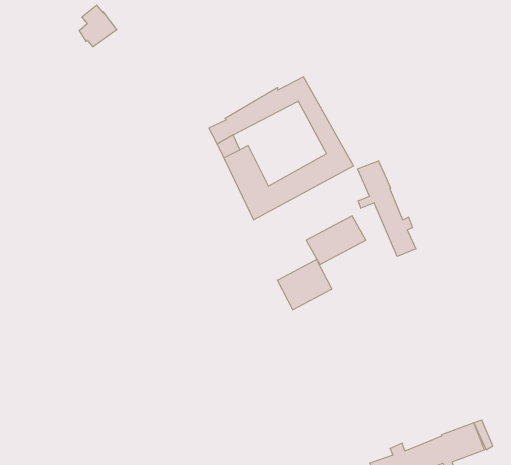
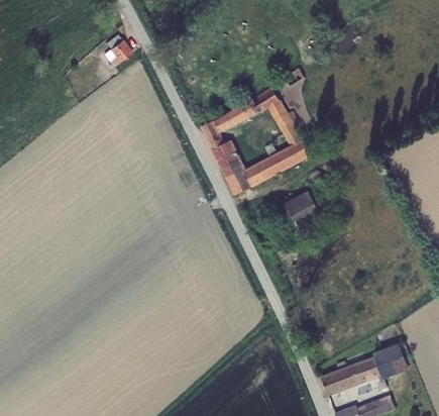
building: [358,161,416,256] -> none
building: [277,259,332,310] -> none

